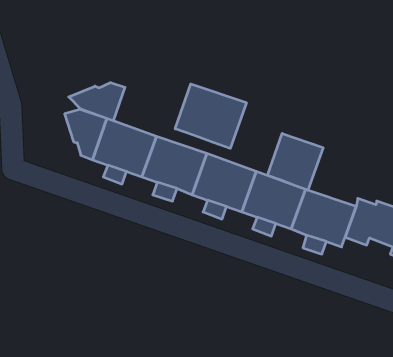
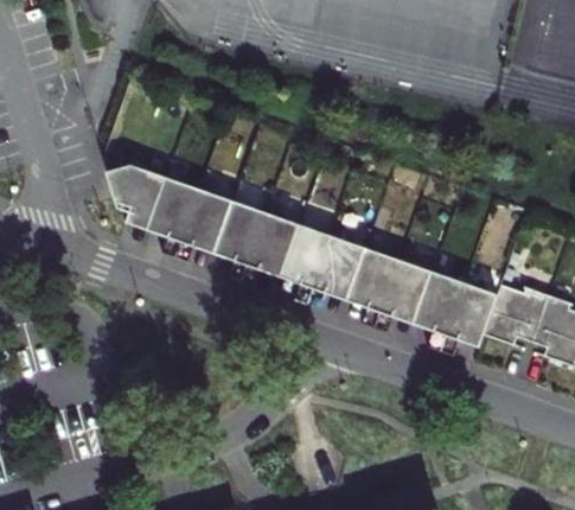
building: [69,83,125,121] -> none
building: [175,84,246,148] -> none
building: [268,133,323,190] -> none

